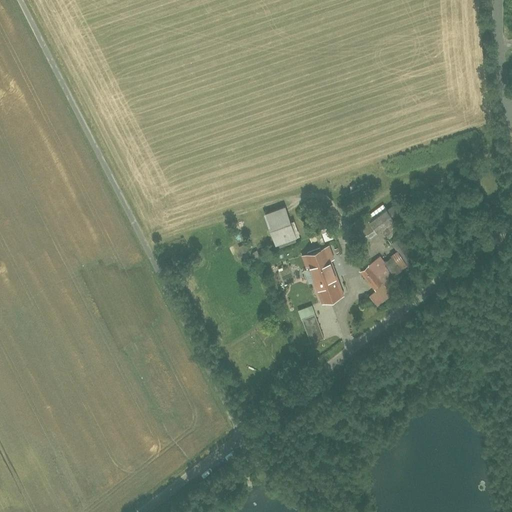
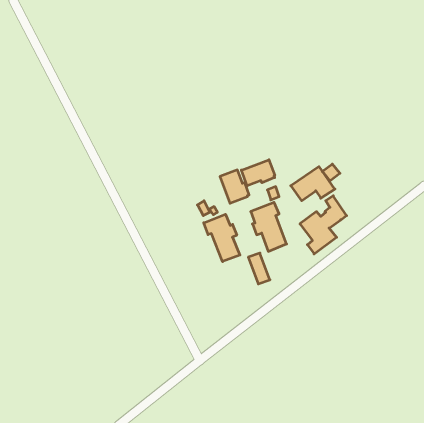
building: none -> [241,160,275,186]
building: none -> [204,214,240,262]

